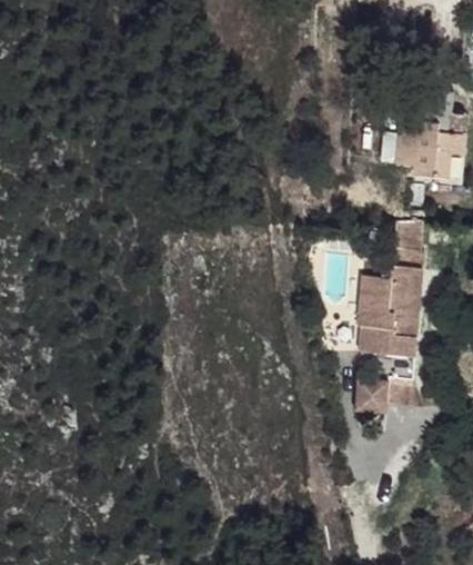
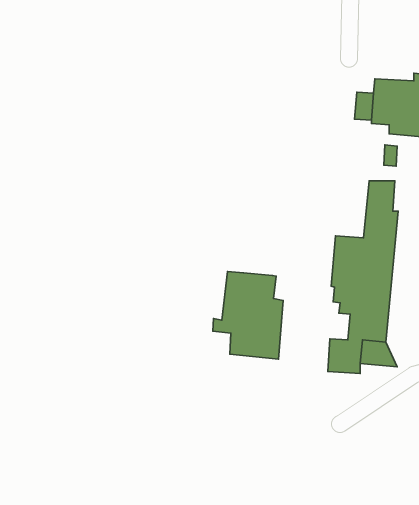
building: none -> [213,271,283,359]

